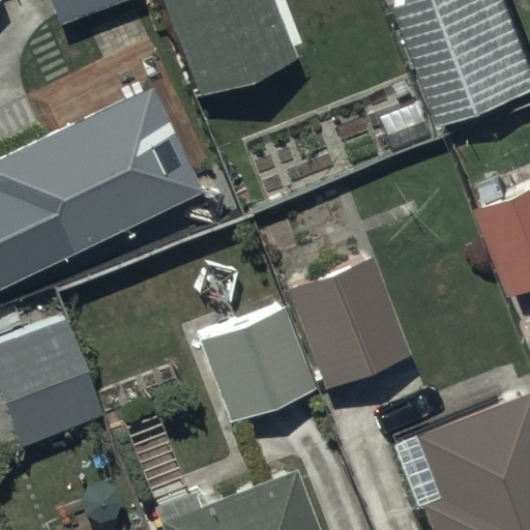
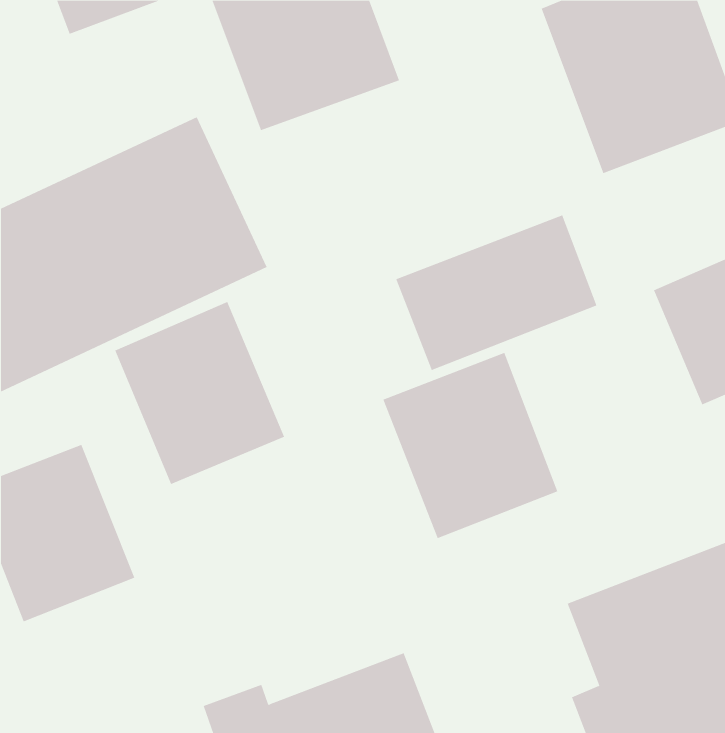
building: none -> [396,215,597,371]
building: none -> [114,301,285,485]
building: [198,307,317,423] -> none

